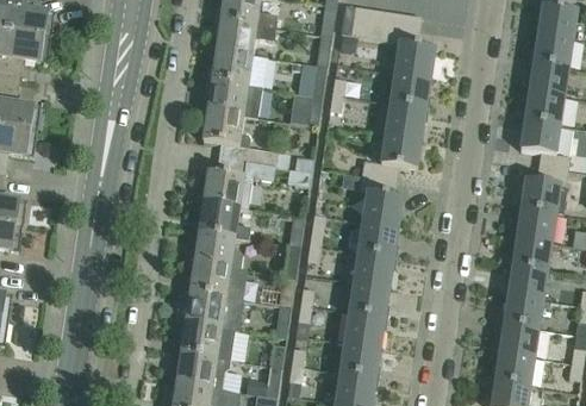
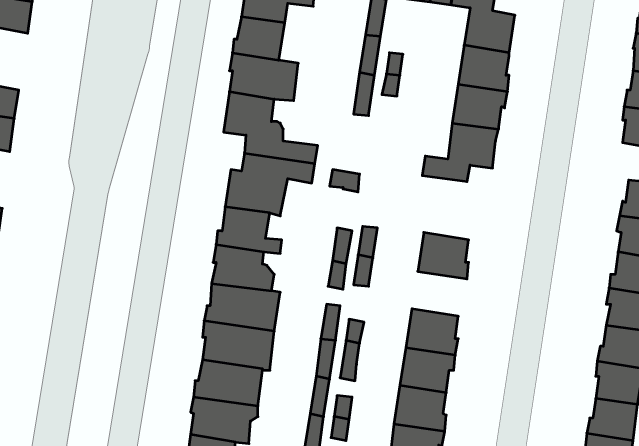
building: [359,175,403,226] -> none
building: [353,251,397,287] -> none

